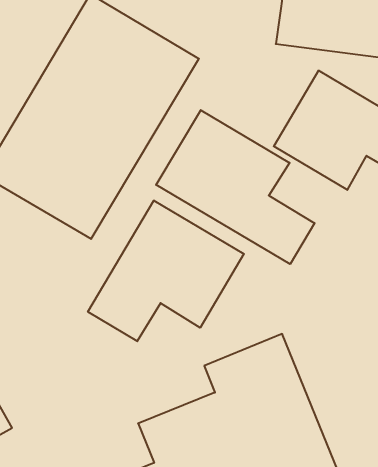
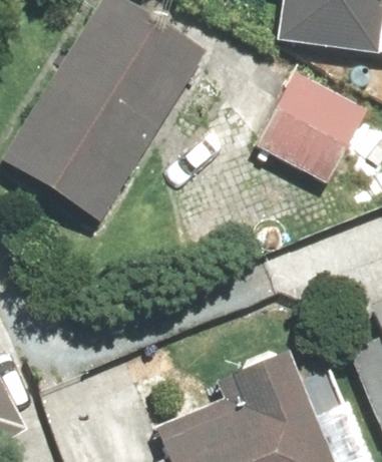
building: [156,110,315,264] -> none
building: [88,200,244,341] -> none

